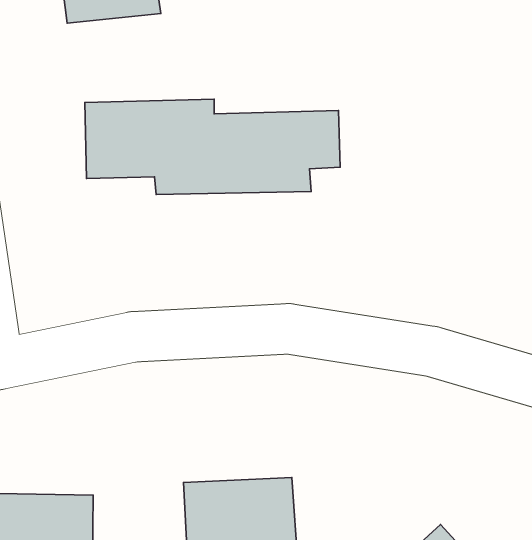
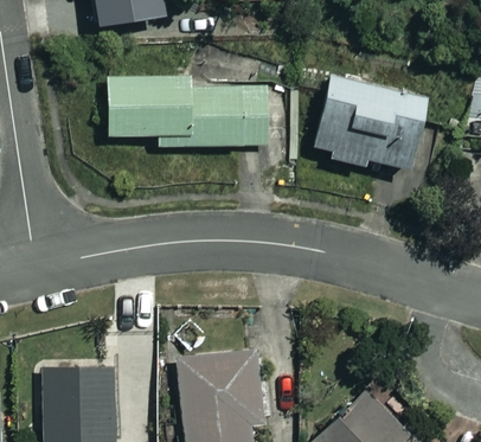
building: none -> [310,72,428,169]

